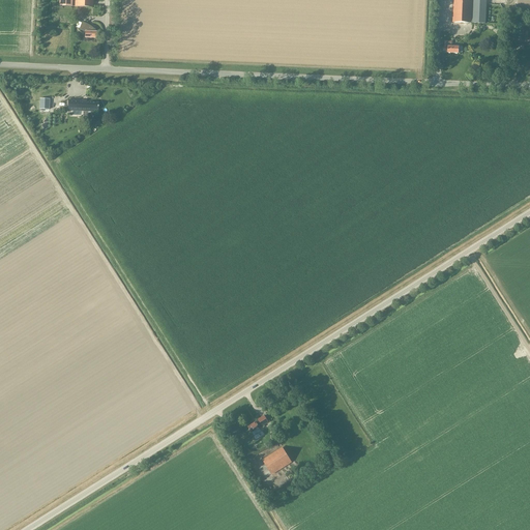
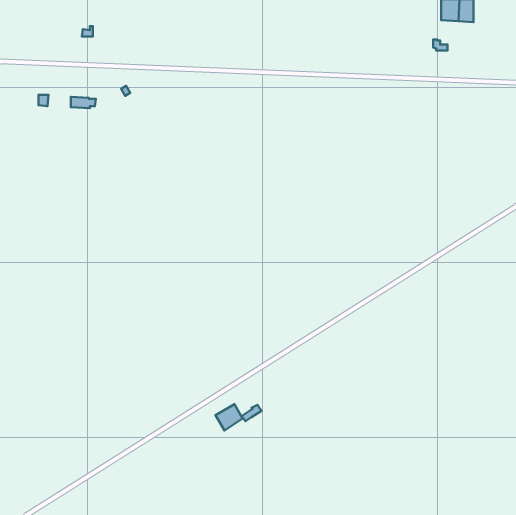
building: [263,447,291,474] -> [215,404,243,430]

